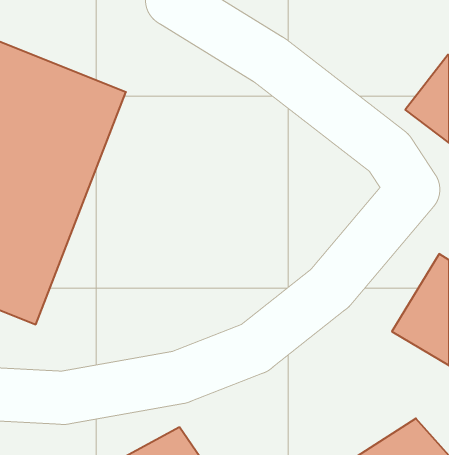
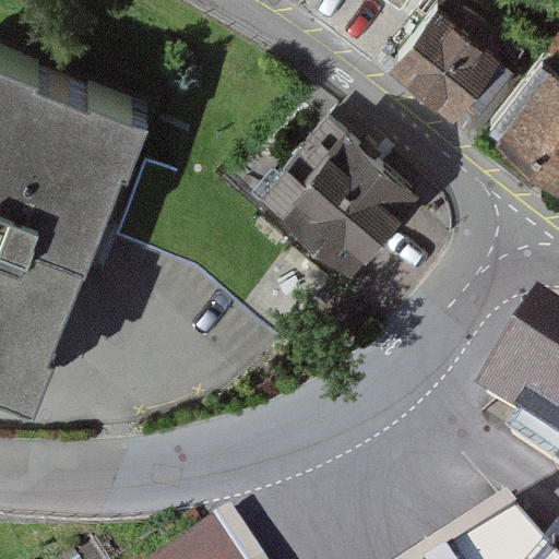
building: none -> [388,9,499,119]
building: none -> [274,128,417,270]

